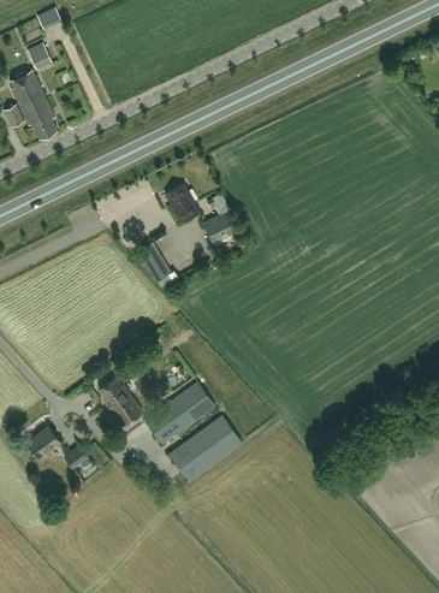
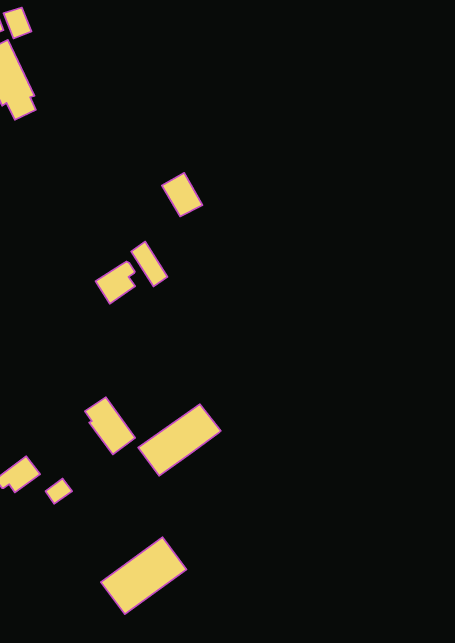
building: [203,212,237,244] -> none
building: none -> [96,261,135,304]
building: [168,415,242,481] -> [101,537,186,614]

